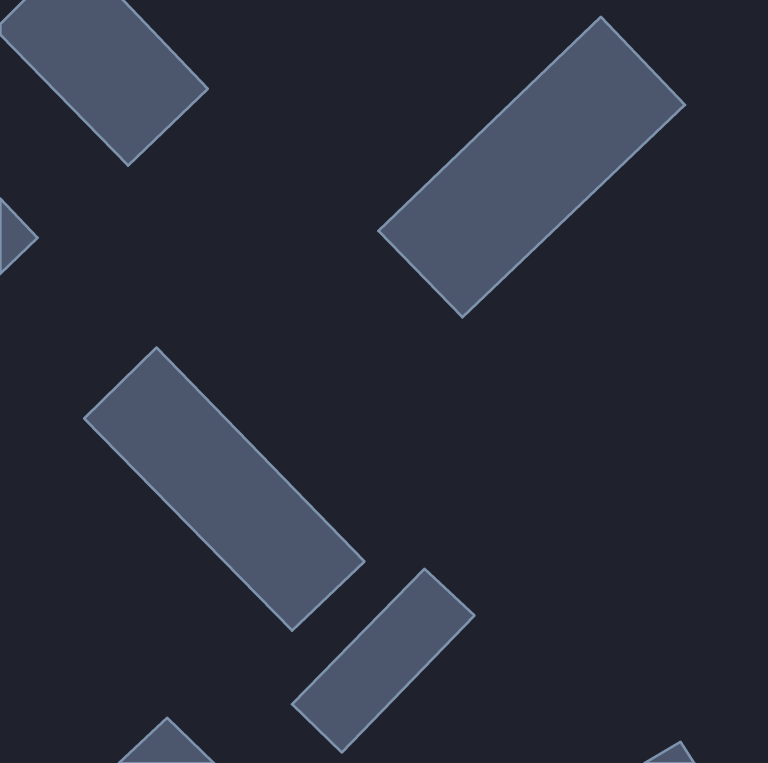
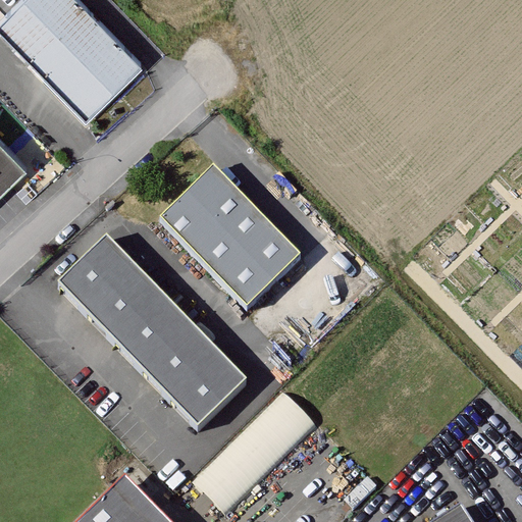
building: [378,17,685,317] -> none
building: none -> [162,167,301,307]

